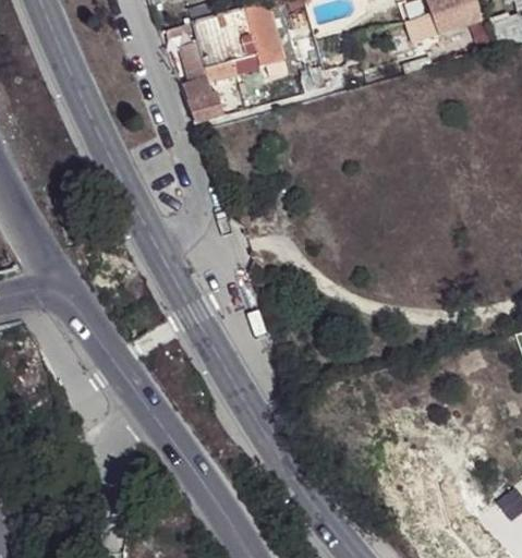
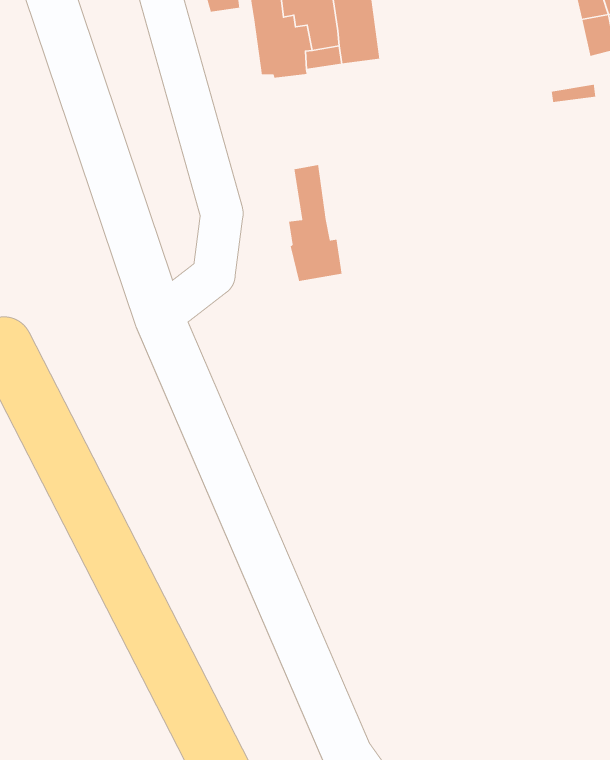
building: [181,44,222,123] -> [288,164,342,282]

